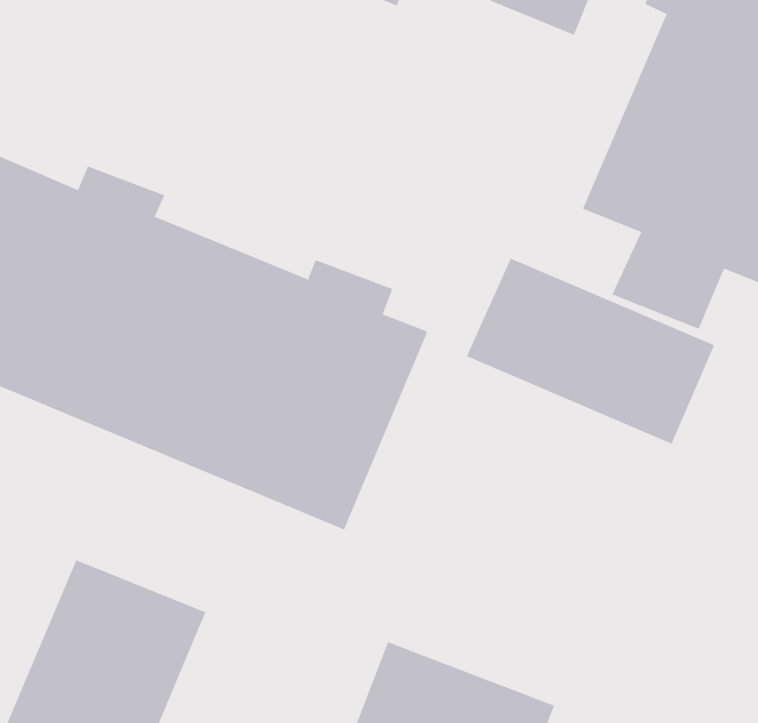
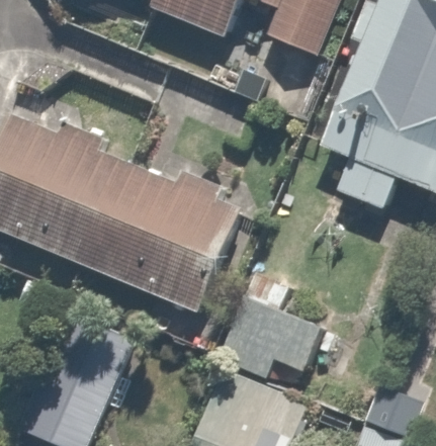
building: [466,258,715,445] -> none
building: none -> [220,271,323,378]

